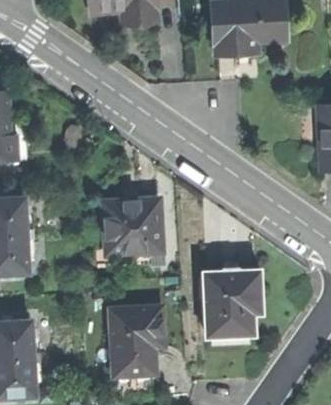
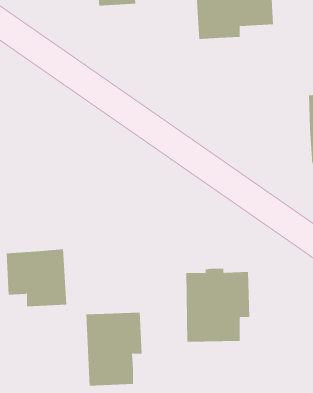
building: [105,201,162,255] -> [6,249,67,307]

